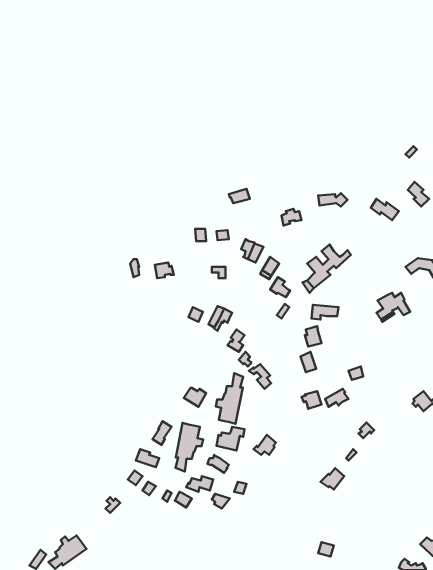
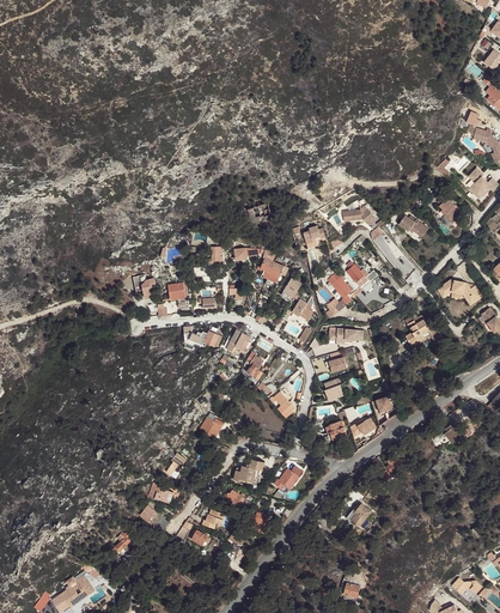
building: [216,373,243,424] -> none
building: [176,423,203,472] -> none

